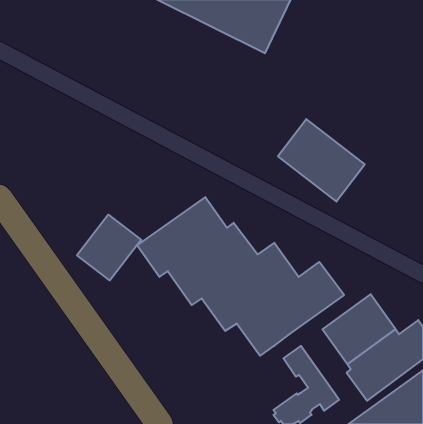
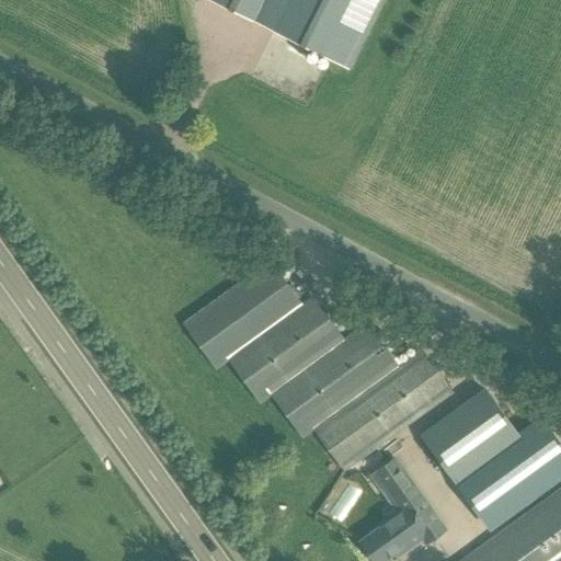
building: [278,119,365,202] -> none
building: [77,215,141,280] -> none

